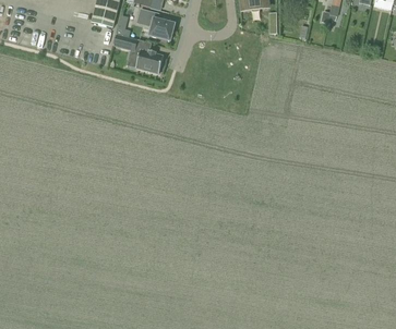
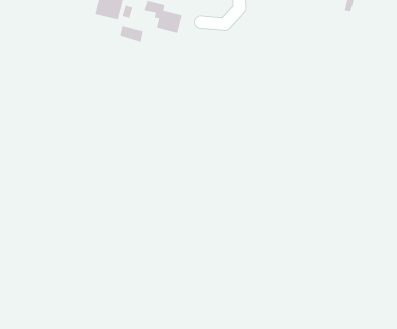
building: [135,49,164,73] -> none

